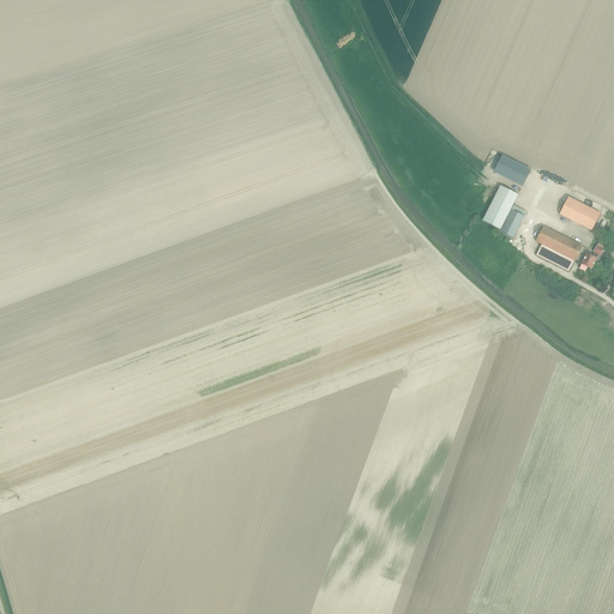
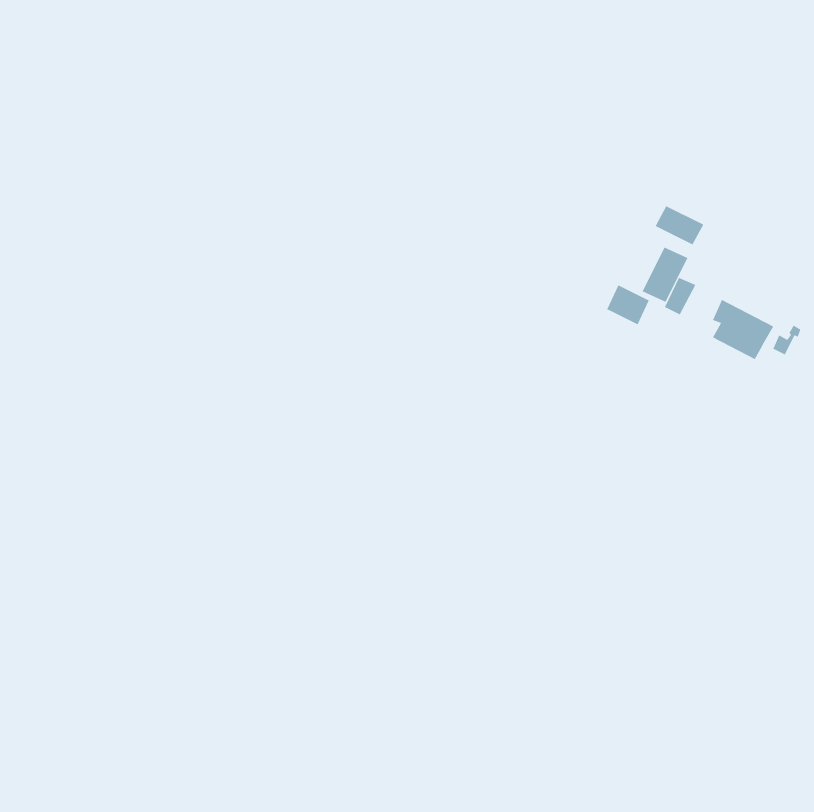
building: [559,195,601,229] -> none
building: none -> [606,285,650,325]

